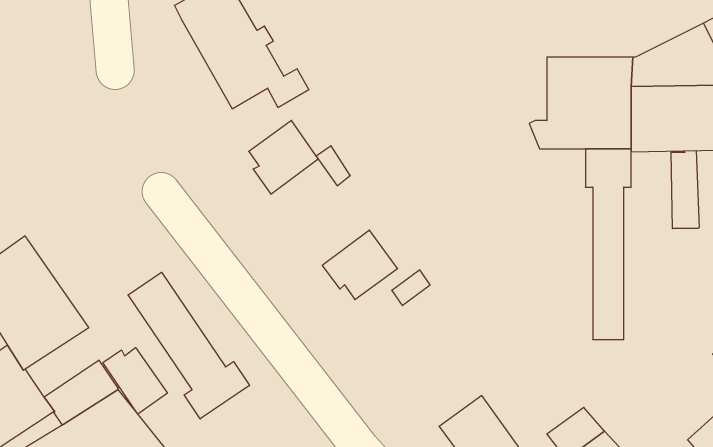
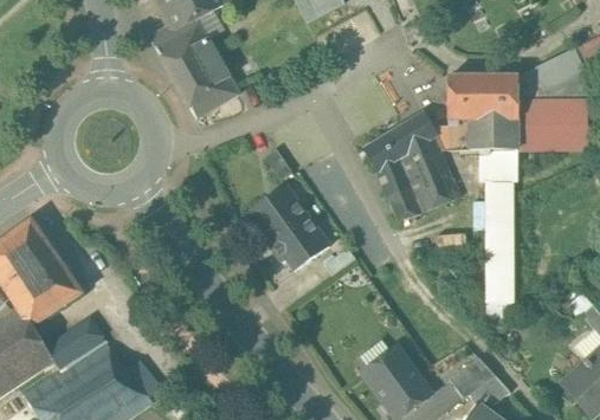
building: none -> [363,112,460,220]
building: [249,120,318,194] -> [251,183,307,243]
building: [671,151,699,229] -> none
building: [128,272,250,419] -> none
building: [103,348,167,414] -> none

